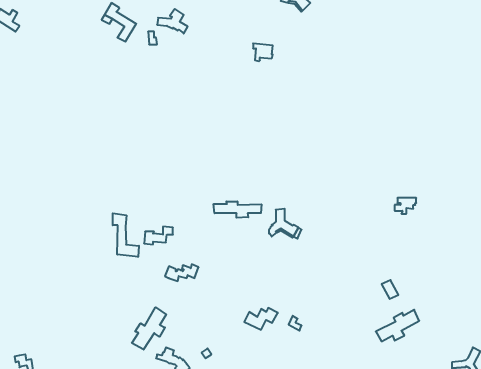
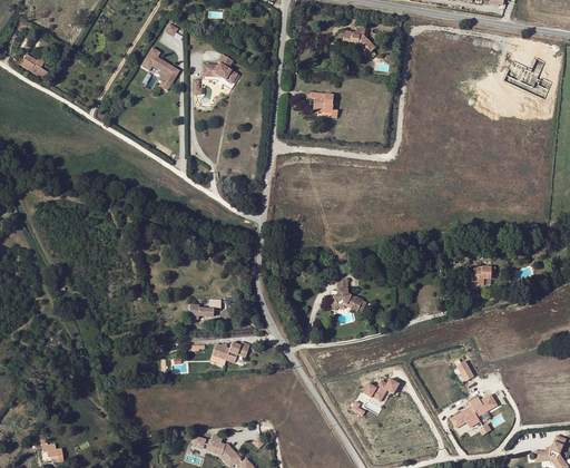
building: [214,201,261,218] -> none
building: [113,213,139,257] -> none
building: [132,307,166,350] -> none
building: [244,308,278,330] -> [362,377,400,401]

